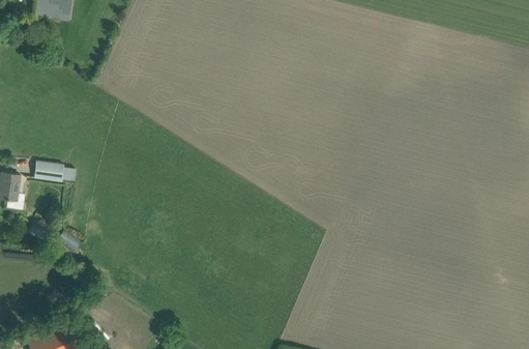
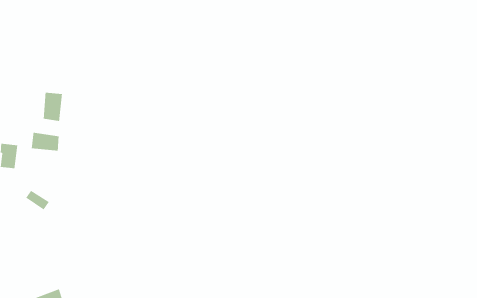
building: none -> [43,92,63,122]

